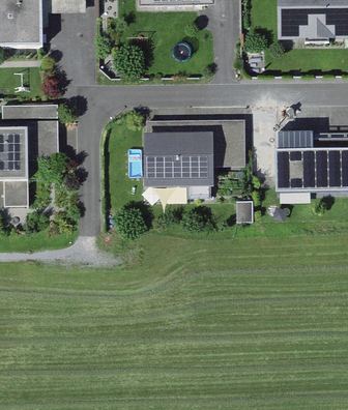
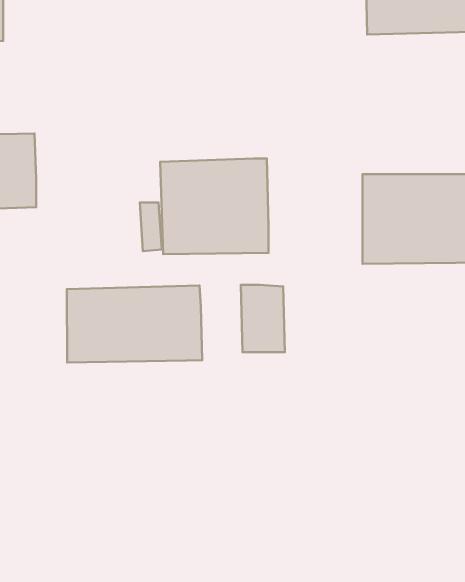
building: [213,122,242,167] -> [241,285,285,352]
building: none -> [67,285,202,363]

